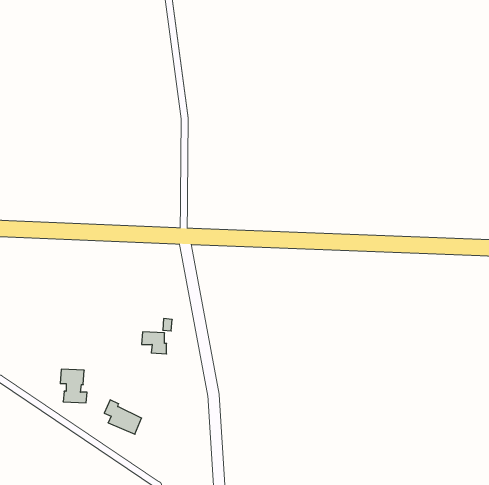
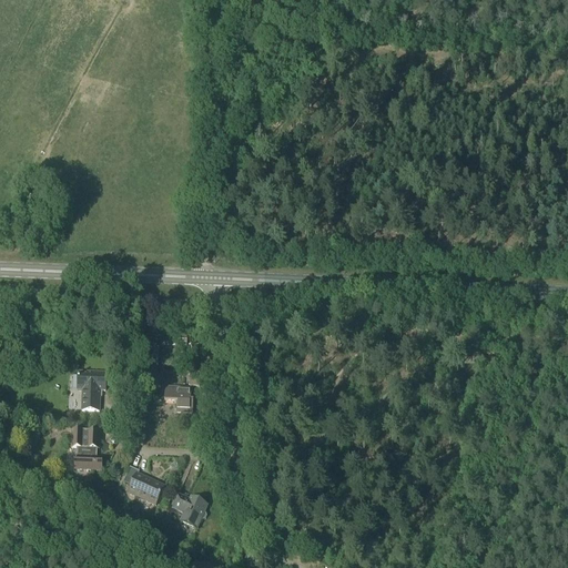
building: none -> [77,369,105,408]
building: none -> [171,493,207,527]

